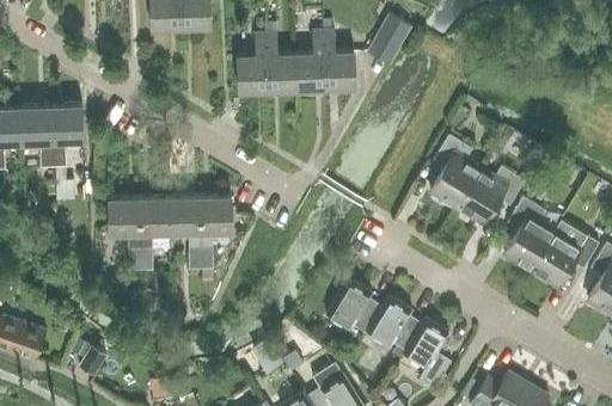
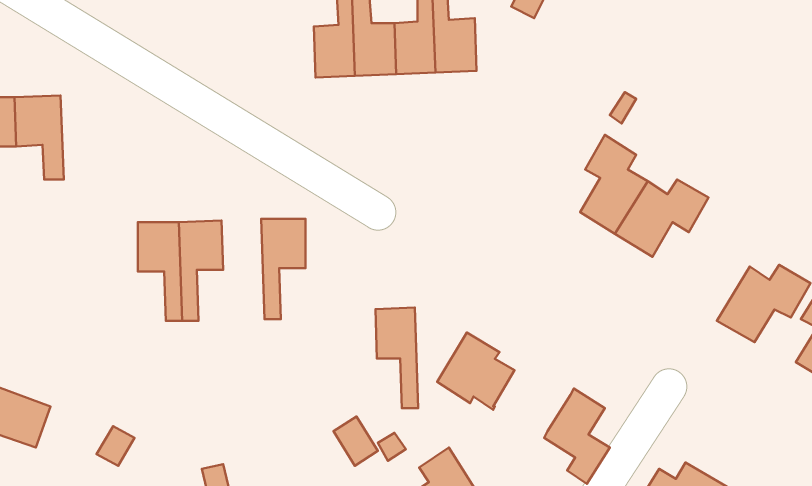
building: [53,105,84,167] -> none
building: [170,196,201,269] -> [375,308,418,408]
building: [503,197,553,270] -> none
building: [367,296,423,350] -> none

